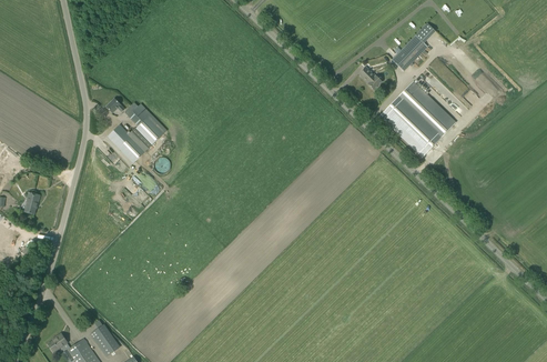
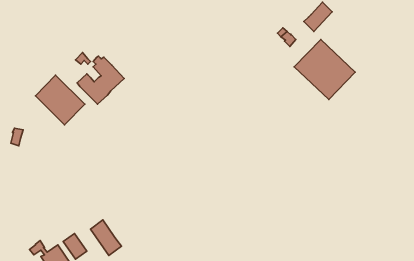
building: none -> [35,75,85,125]
building: none -> [91,220,121,255]

